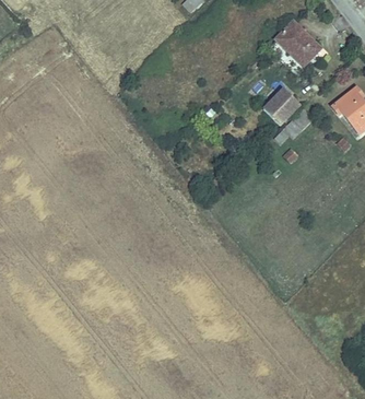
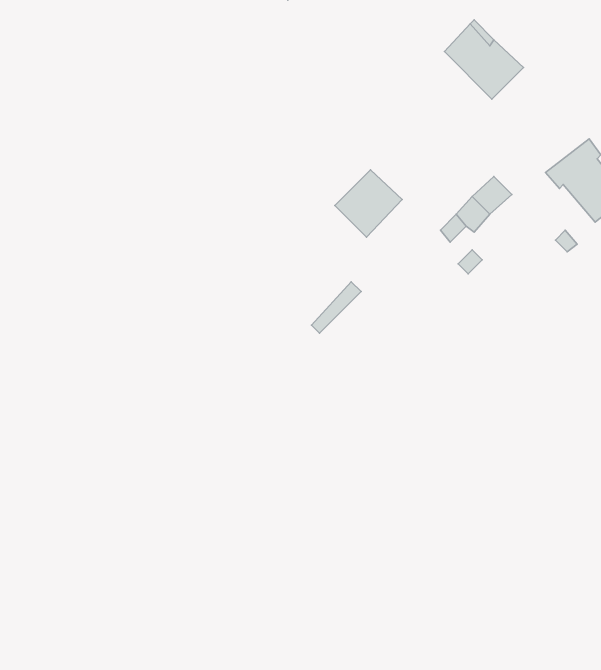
building: [263,87,301,125] -> [335,170,402,237]

